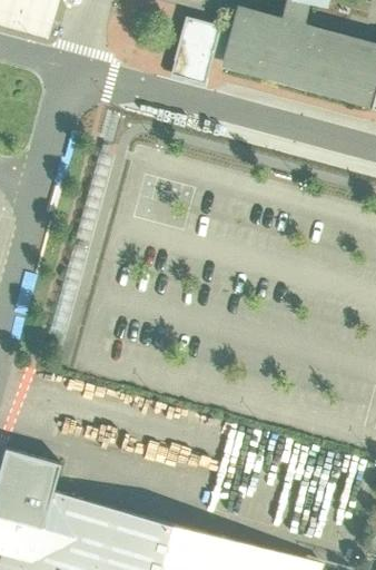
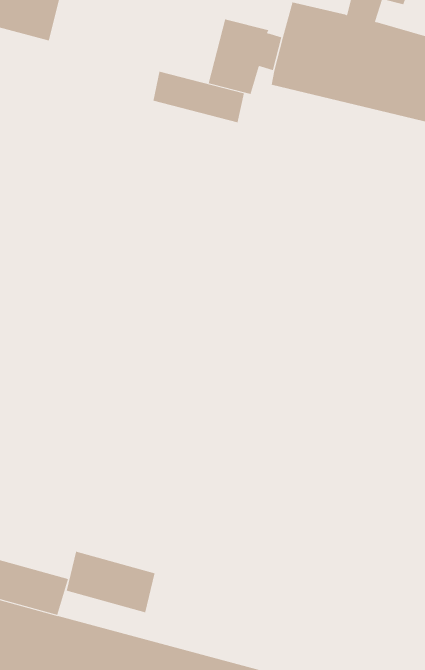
building: none -> [153,71,244,123]
building: none -> [66,551,155,613]

